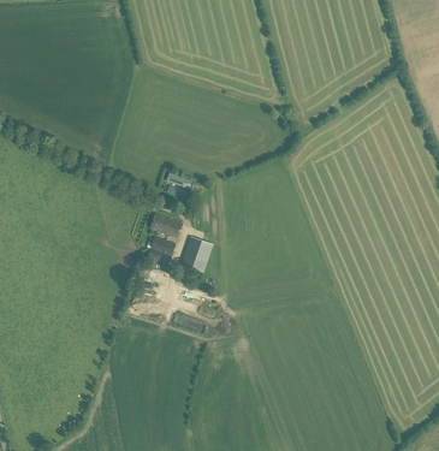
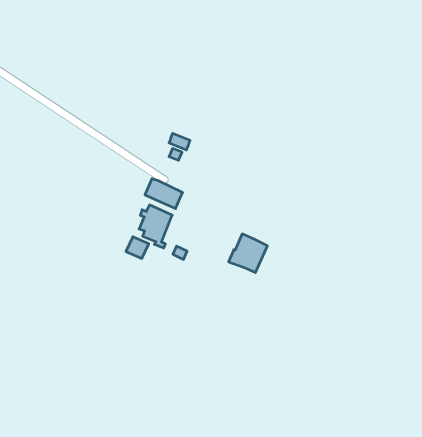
building: [182,236,214,268] -> [229,234,267,273]

